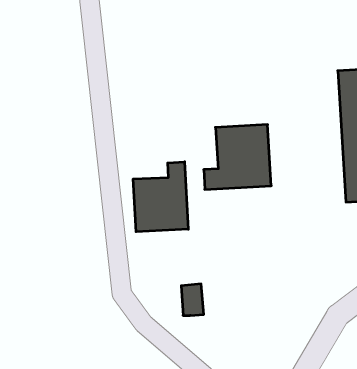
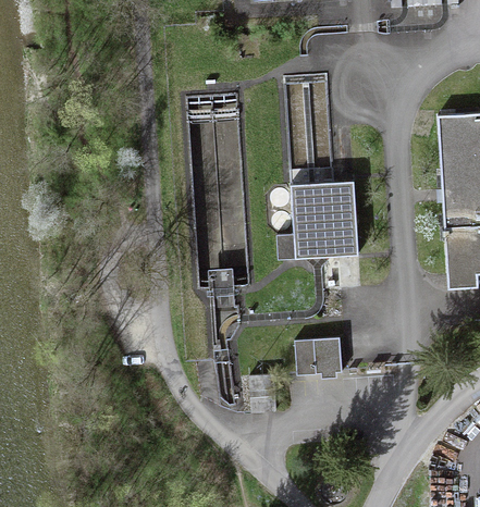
building: [133,162,188,232] -> none
building: none -> [294,337,342,376]

